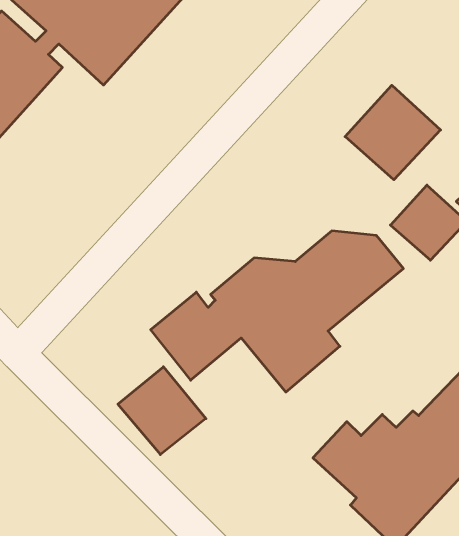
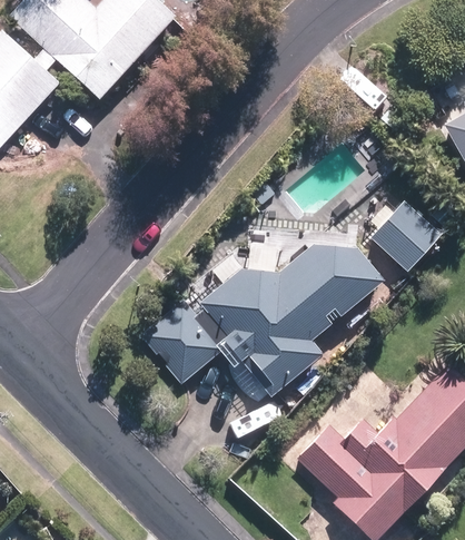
building: [345,85,441,180] -> none
building: [118,367,206,455] -> none

